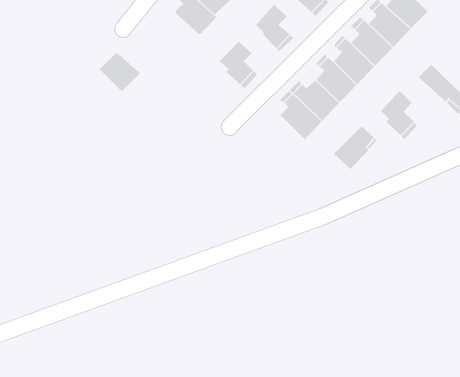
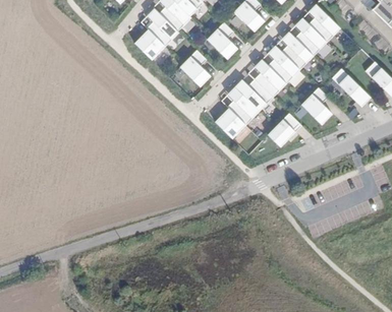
building: [99,52,141,92] -> [135,29,167,60]
building: none -> [216,108,246,139]

